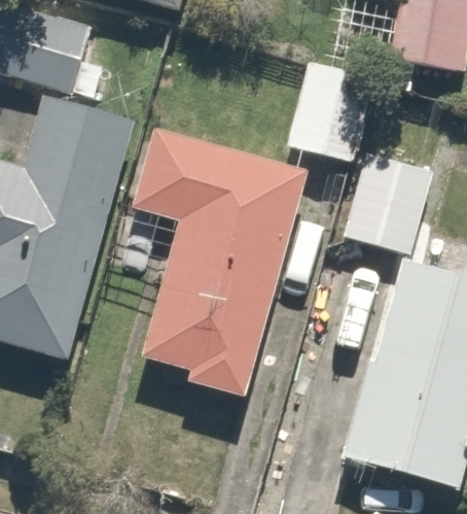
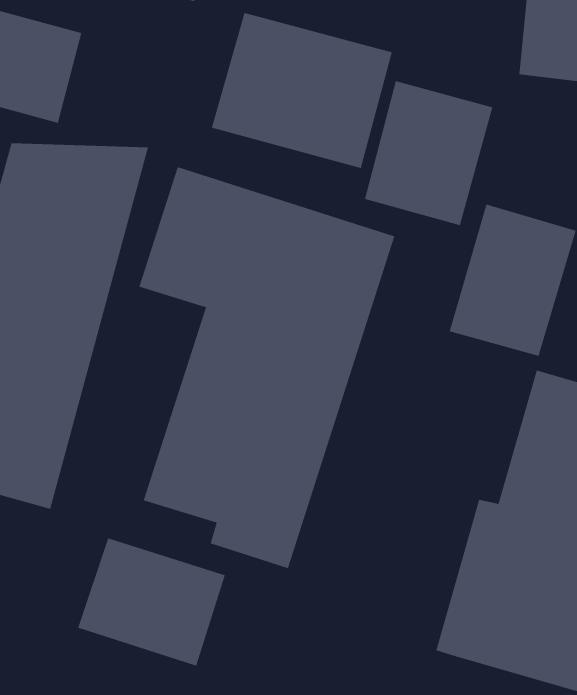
building: none -> [211,12,392,169]
building: none -> [78,537,226,666]

